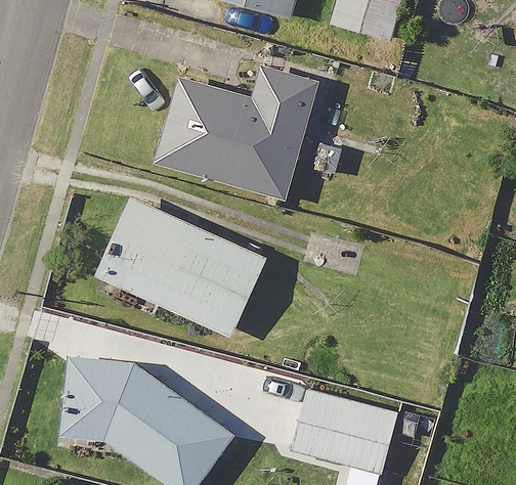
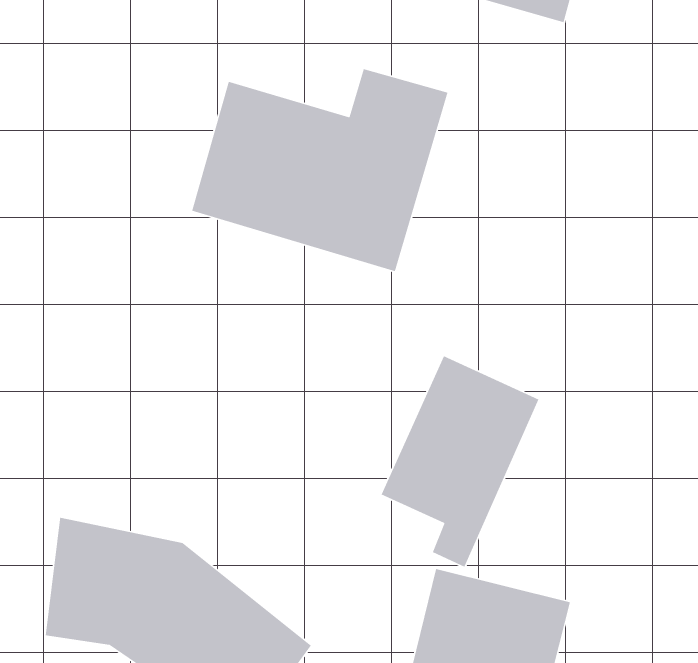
building: [94,196,264,335] -> none
building: none -> [380,355,540,568]

